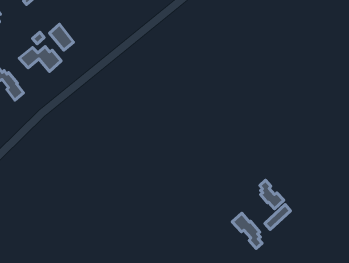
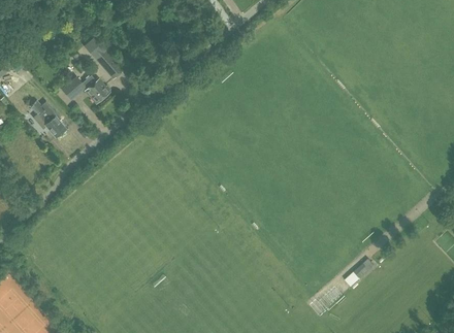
building: [260,180,284,209] -> none
building: [232,213,262,248] -> none

